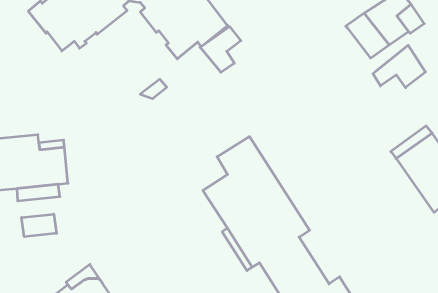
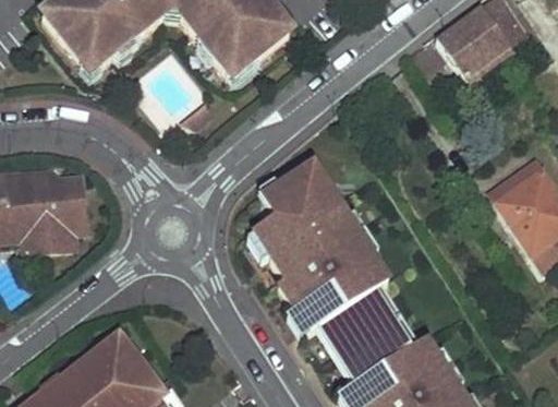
building: [200,27,241,72] -> none
building: [373,45,426,88] -> none
building: [22,214,57,237] -> none

